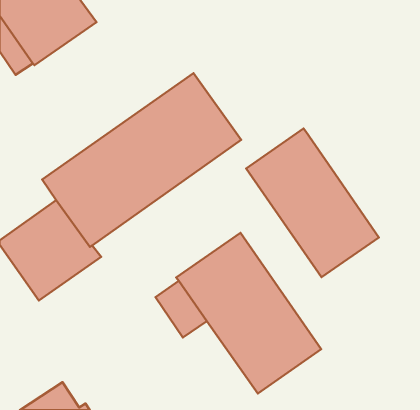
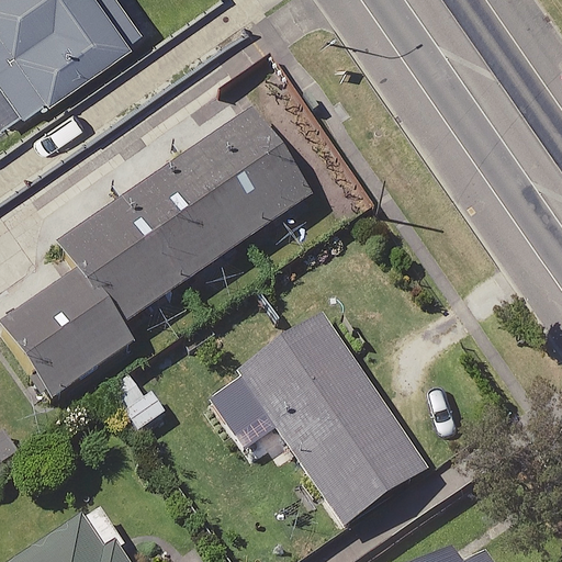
building: [246,128,379,277] -> none

